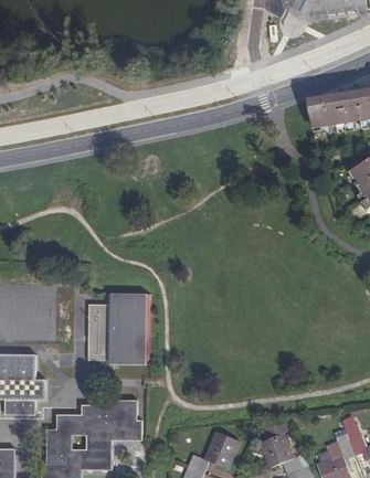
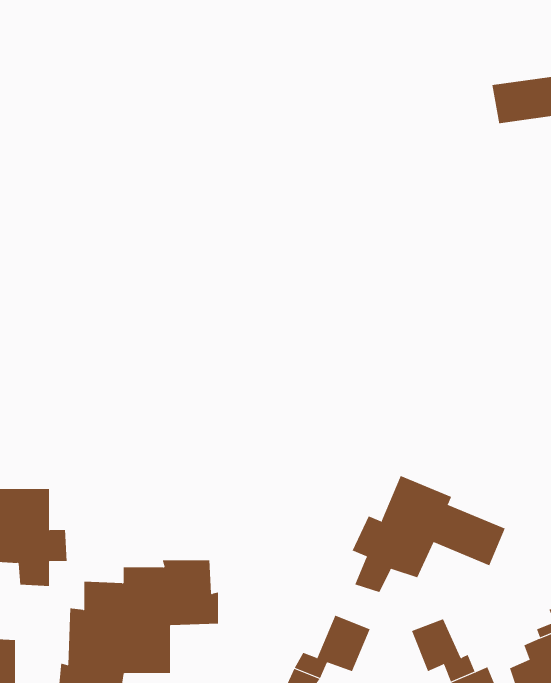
building: [87,294,149,363] -> none
building: none -> [352,475,505,593]

